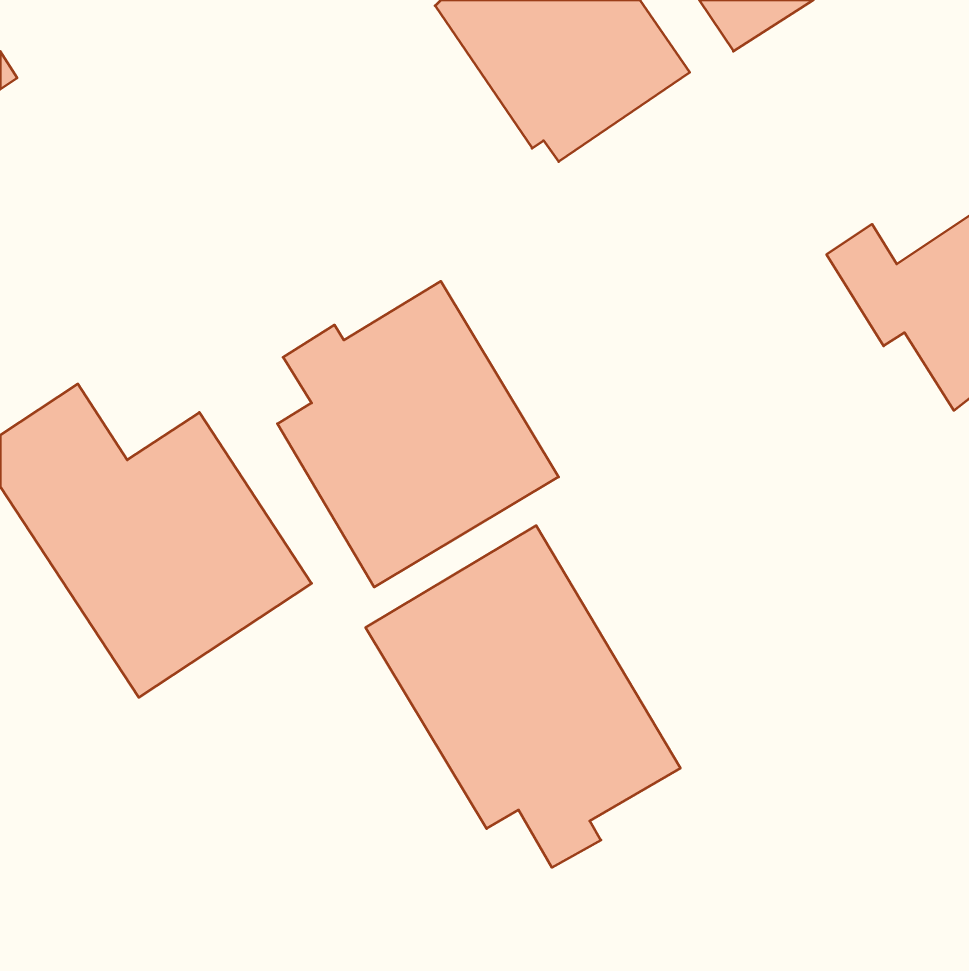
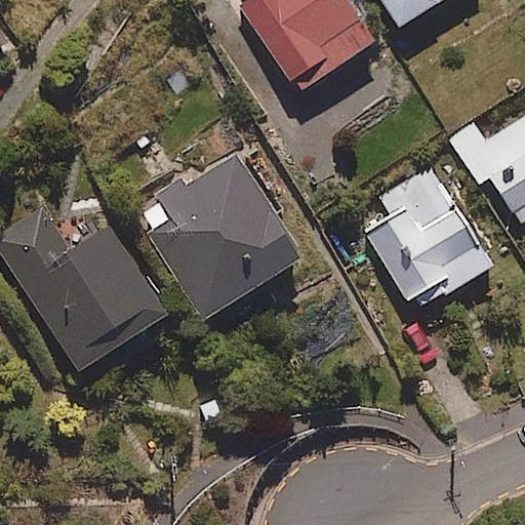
building: none -> [365,164,492,306]
building: [366,526,680,867] -> none

